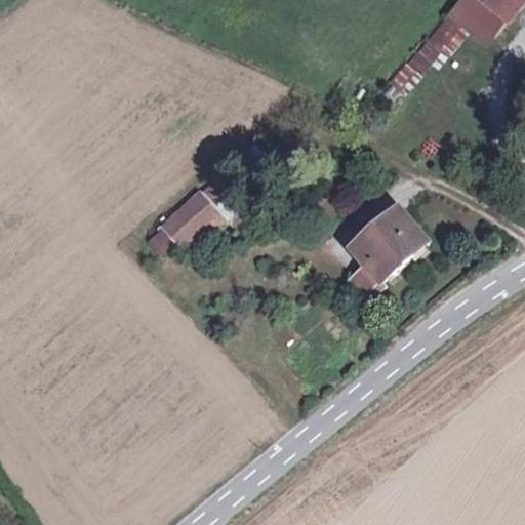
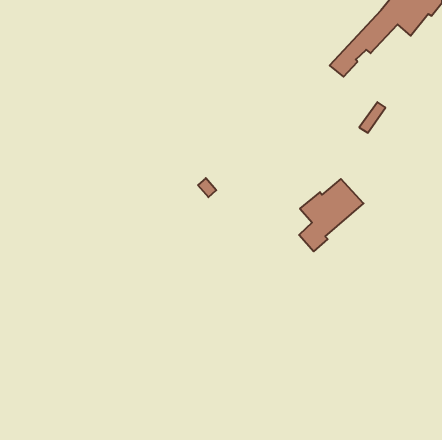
building: [148,170,236,251] -> none

